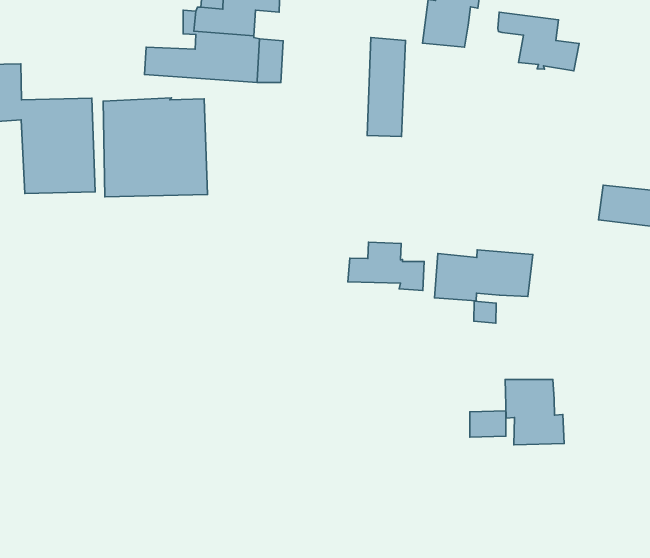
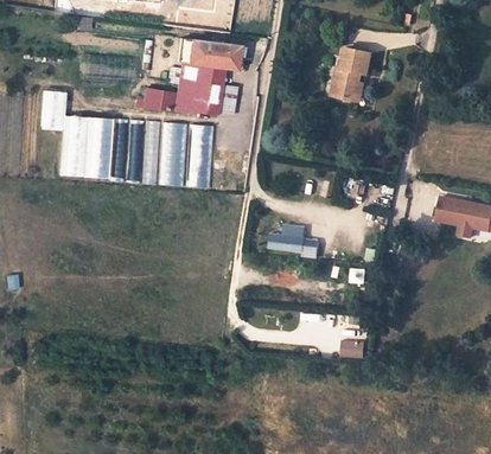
building: [498,12,579,71] -> none
building: [367,38,405,137] -> [184,122,213,188]
building: [434,250,533,301] -> none
building: [505,380,564,445] -> none

